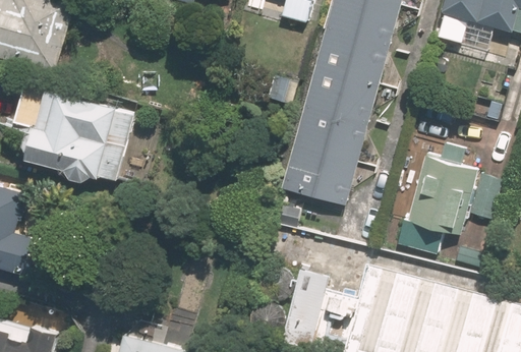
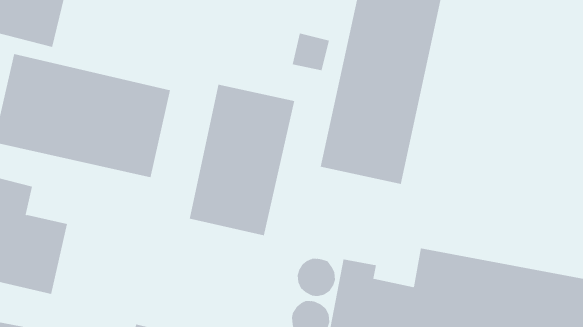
building: none -> [189,84,295,236]
building: [399,141,497,257] -> none

